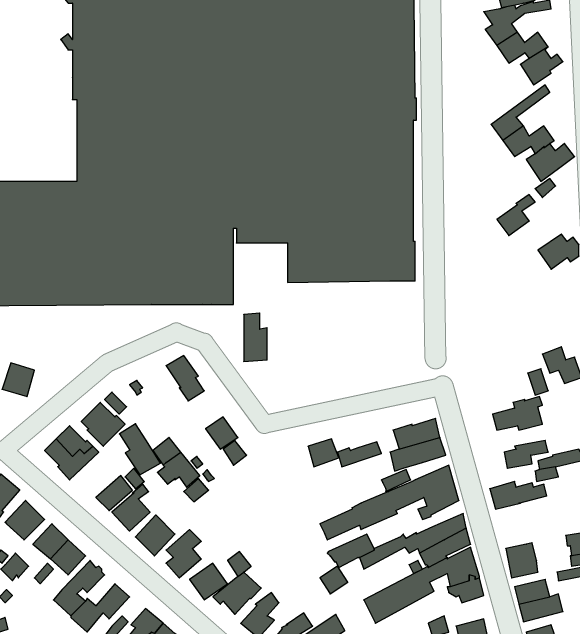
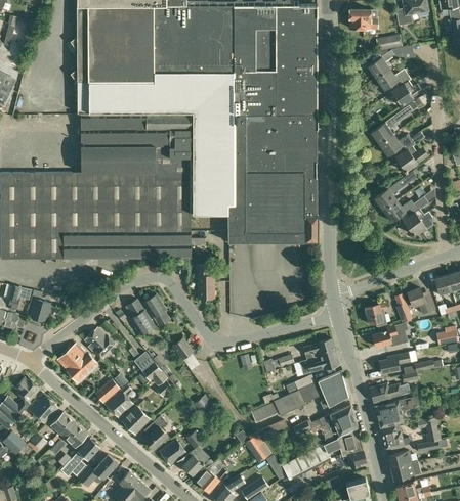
building: none -> [383,196,428,222]
building: none -> [366,303,387,327]
building: [119,424,160,475] -> [126,299,155,334]
building: none -> [375,396,423,427]

